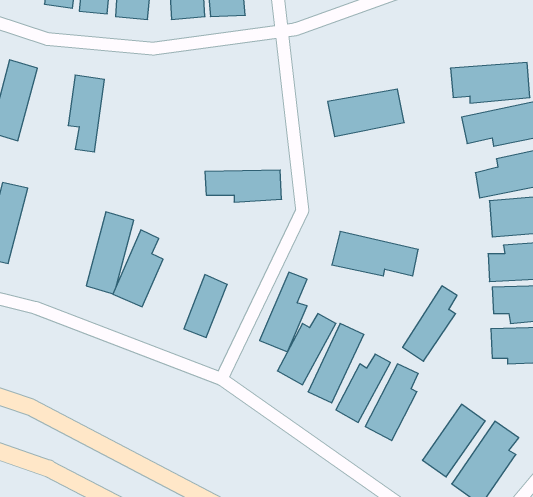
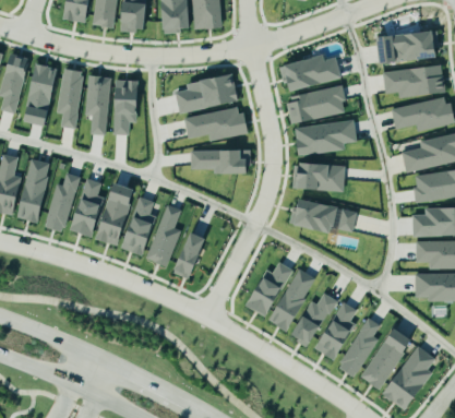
building: none -> [378,31,439,62]
building: none -> [278,55,340,91]
building: none -> [57,69,82,129]
building: none -> [176,74,238,112]
building: none -> [112,80,139,134]
building: none -> [183,107,247,141]
building: none -> [295,120,356,155]
building: none -> [291,163,345,191]
building: none -> [45,174,77,231]
building: none -> [71,178,103,237]
building: [260,272,307,352] -> [144,204,181,266]
building: [403,286,457,361] -> [337,318,380,377]

